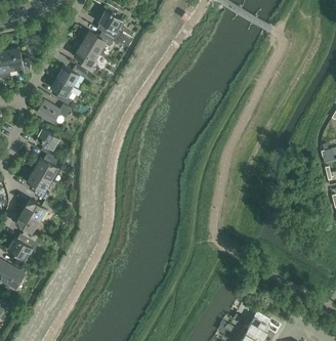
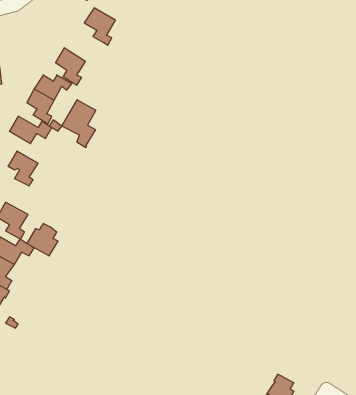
building: [82,31,115,54] -> none
building: none -> [62,100,96,148]
building: [34,154,59,180] -> [27,224,58,256]

